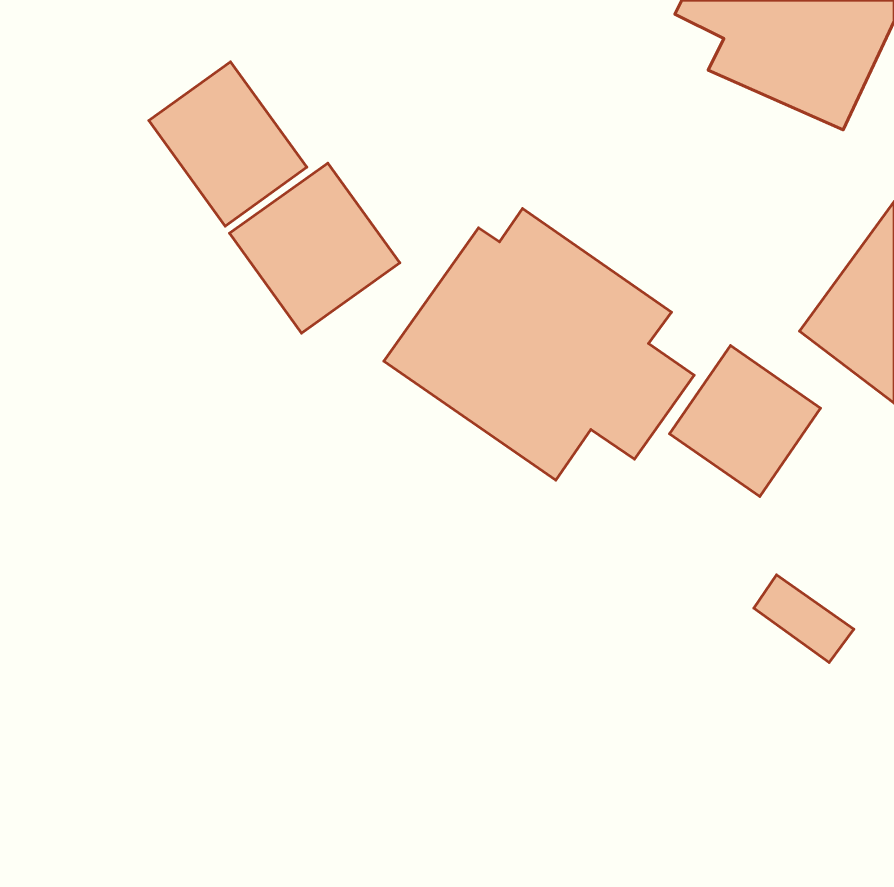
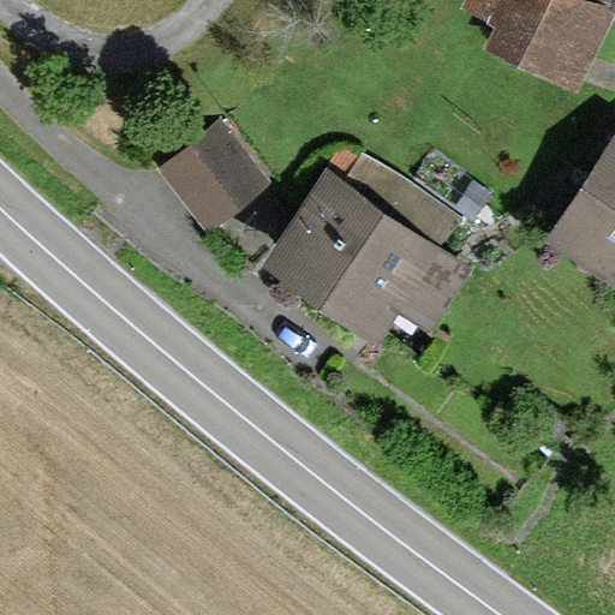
building: [149,62,307,226] -> none
building: [669,346,821,497] -> none

